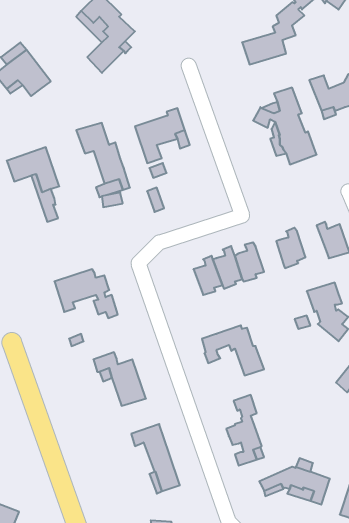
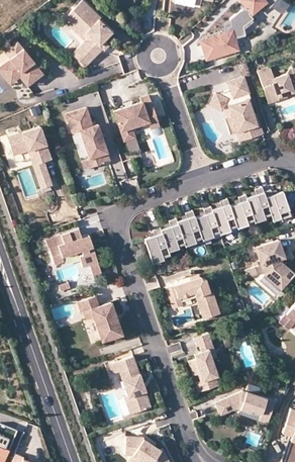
building: none -> [248,187,272,221]
building: none -> [213,198,236,233]
building: none -> [145,226,171,262]

